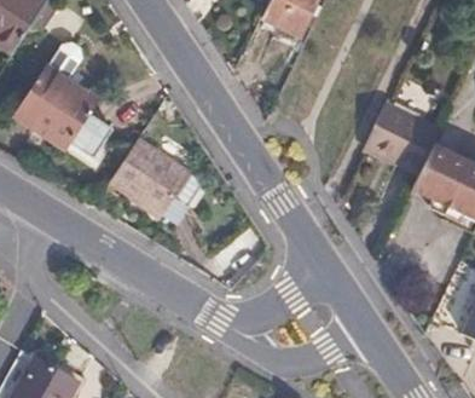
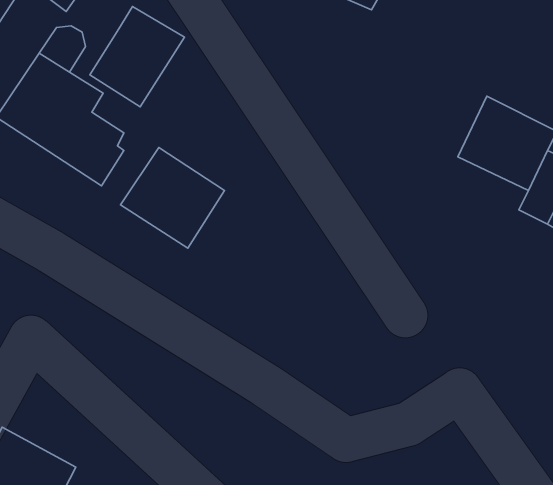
building: none -> [90,6,184,107]

